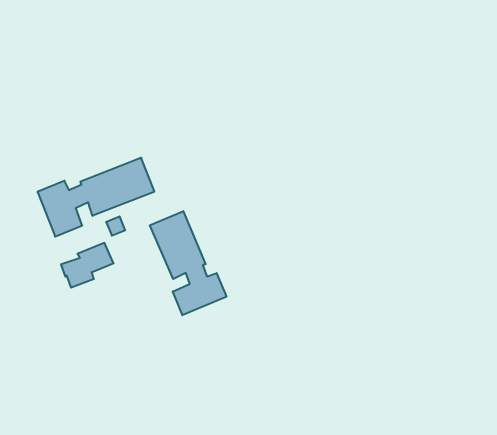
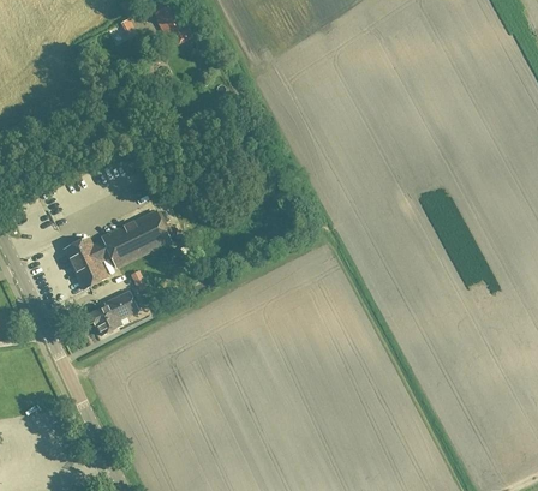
building: [150,211,226,315] -> none

